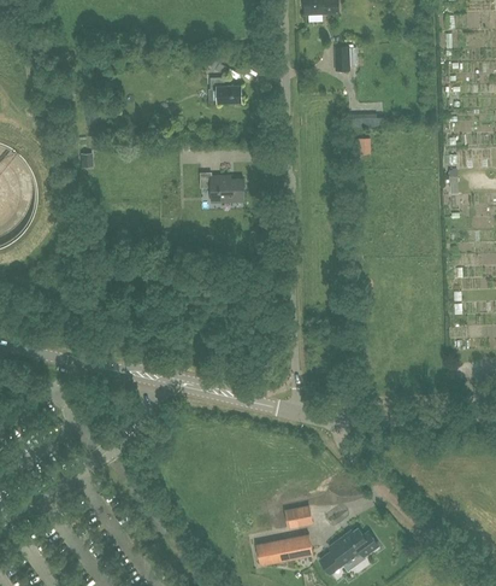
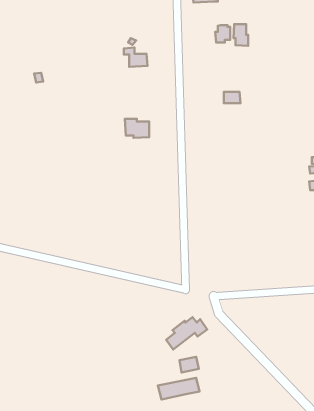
building: none -> [233,24,248,46]
building: [320,529,377,574] -> [166,317,207,349]

